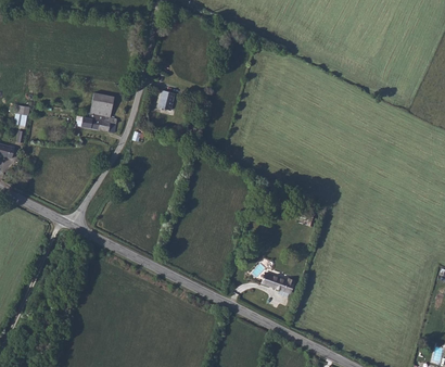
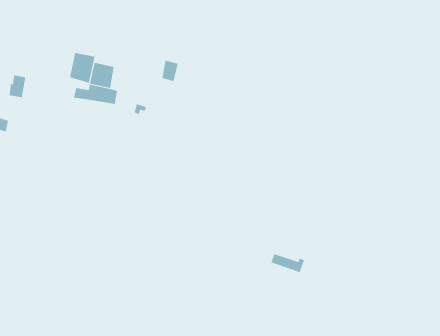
building: none -> [69,52,95,84]

